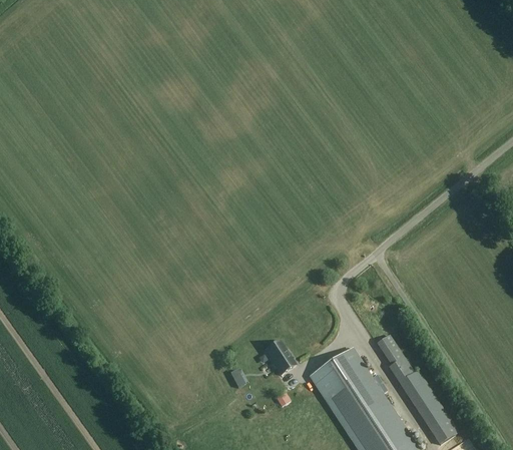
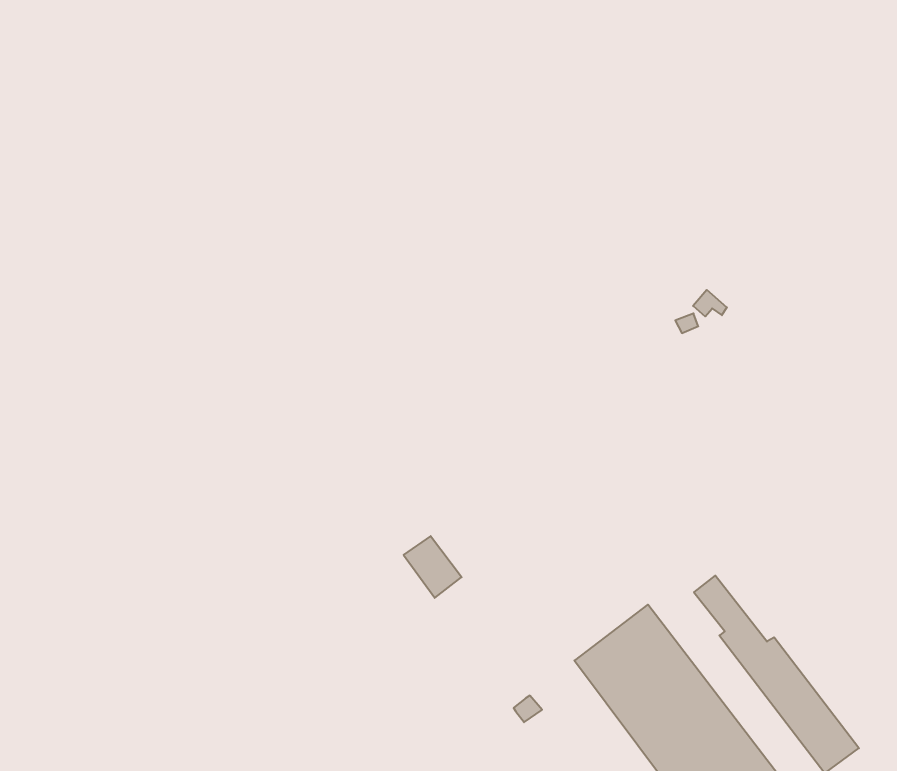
building: [266,341,296,374] -> [404,536,462,598]

